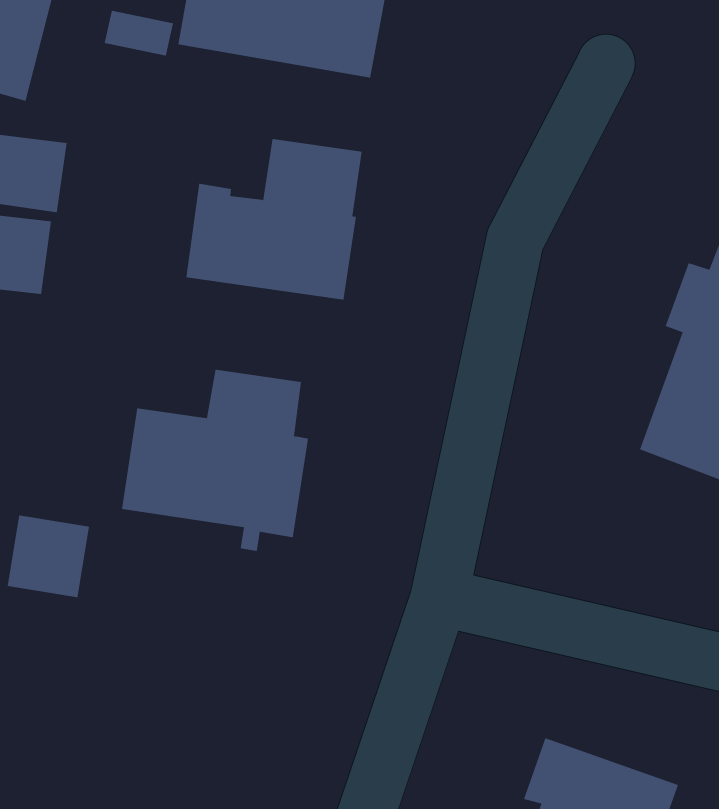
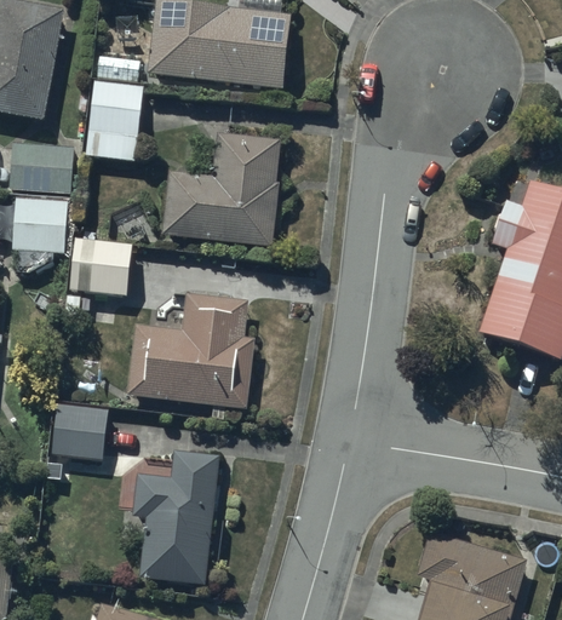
building: none -> [85,81,143,160]
building: none -> [70,240,132,294]
building: none -> [133,453,218,585]

